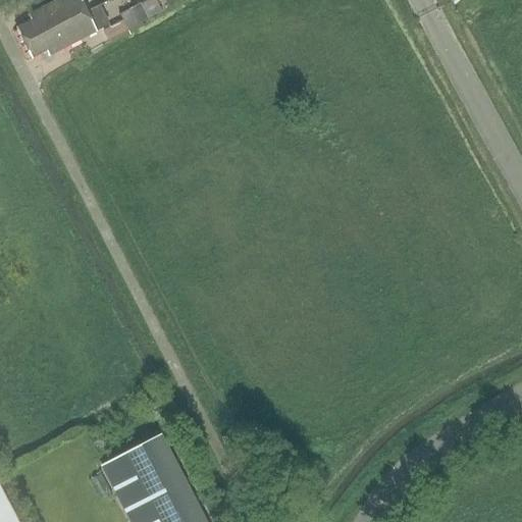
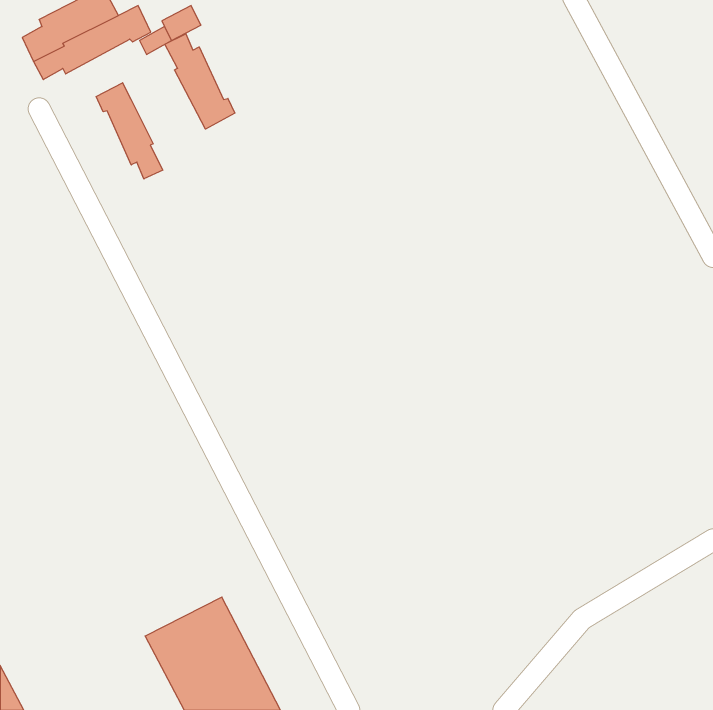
building: none -> [165,34,235,129]
building: none -> [96,83,163,179]

